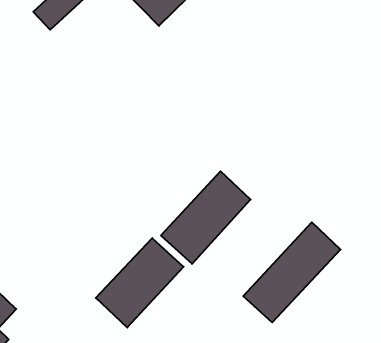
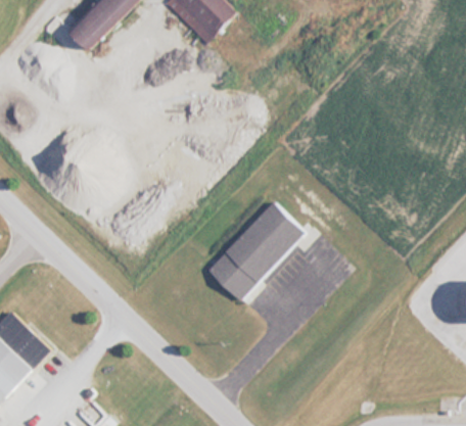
building: [243,222,341,322] -> none
building: [96,238,184,328] -> none

